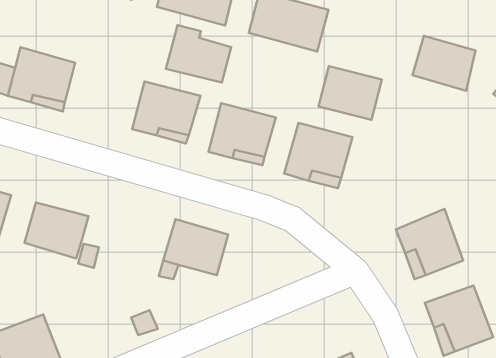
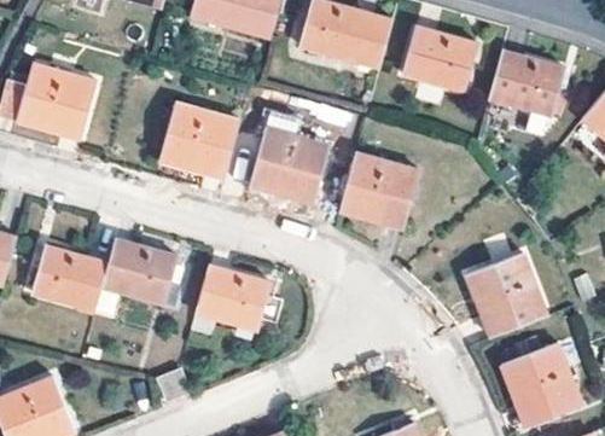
building: [166,25,231,83] -> none
building: [319,66,382,120] -> [399,28,472,91]
building: none -> [101,237,178,303]

